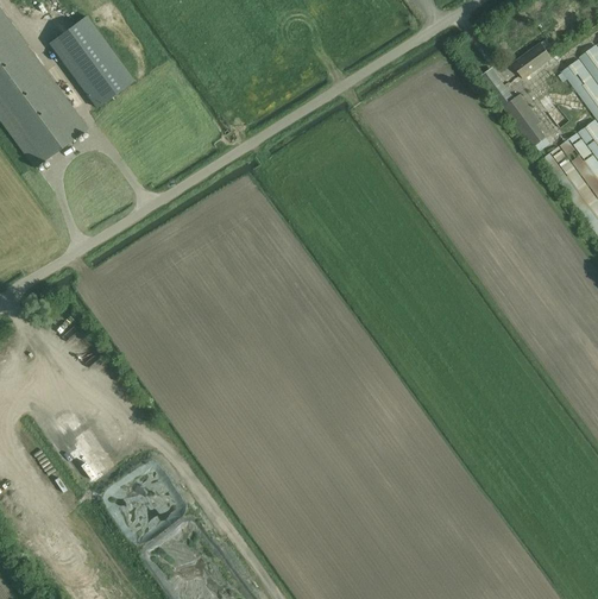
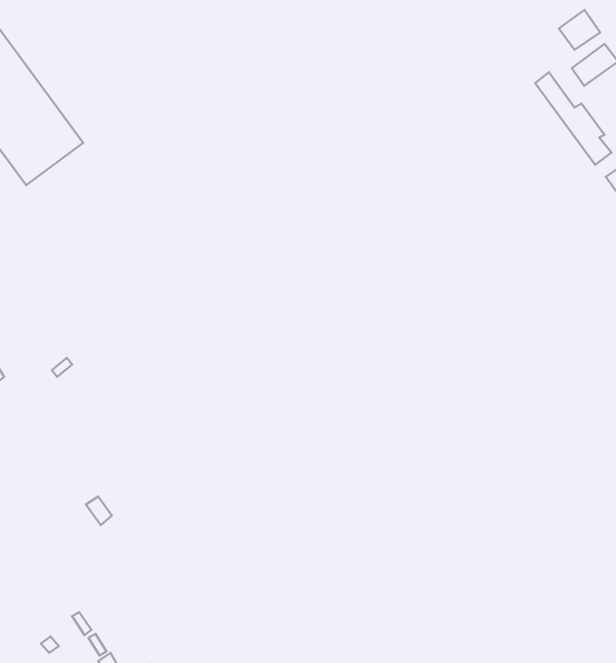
building: none -> [559,10,600,50]
building: [49,14,134,107] -> none

